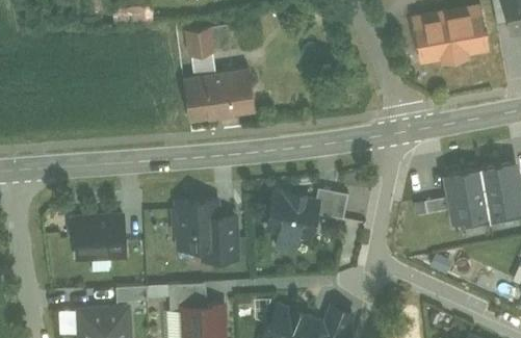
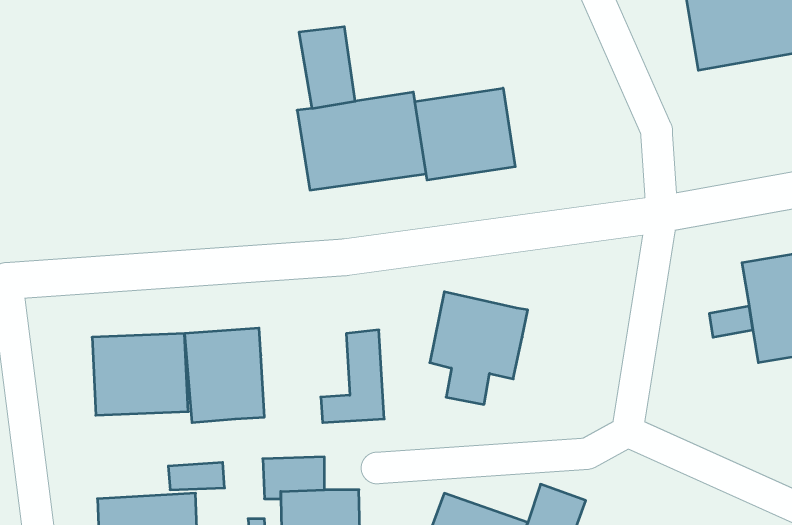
building: none -> [415,88,515,180]
building: [314,187,346,218] -> none
building: [173,197,218,251] -> [185,328,264,423]

